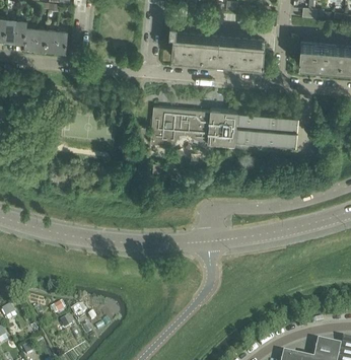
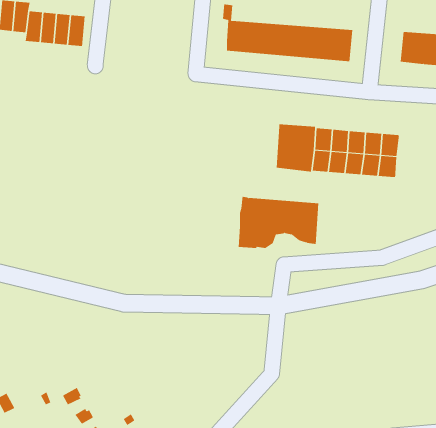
building: [149,110,209,148] -> [238,196,319,249]

